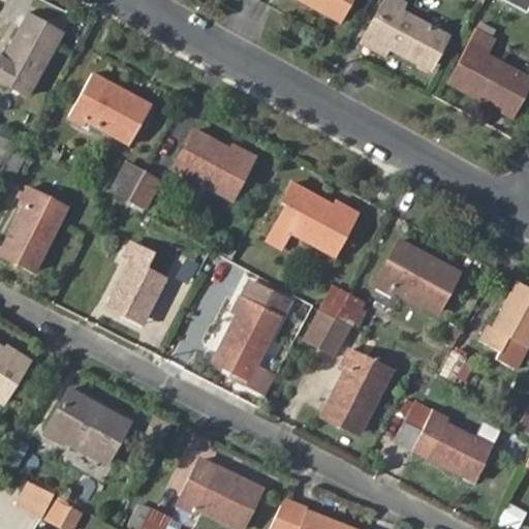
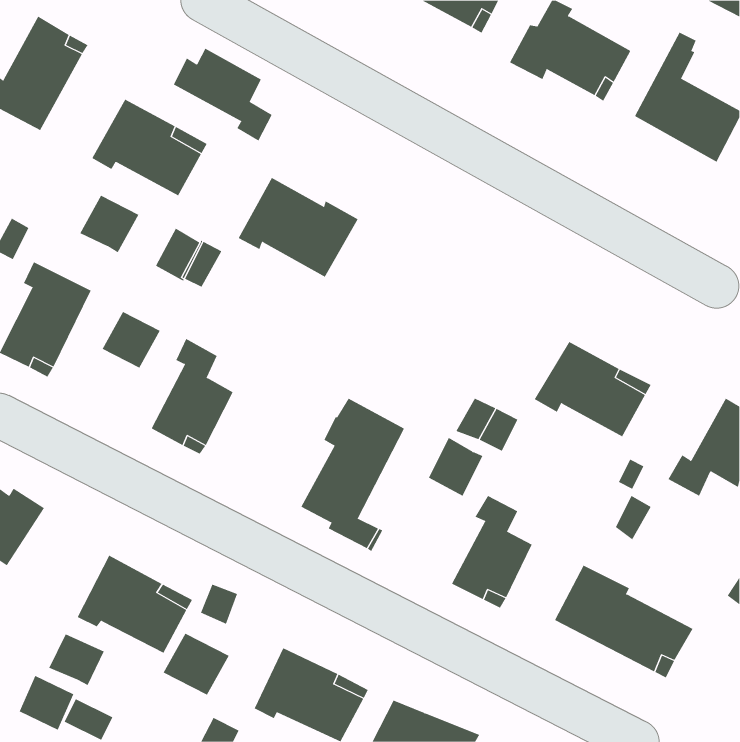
building: none -> [173,48,272,142]
building: none -> [80,195,139,253]
building: [270,182,361,255] -> none
building: none -> [102,311,161,369]
building: none -> [163,633,229,696]
building: none -> [49,633,105,686]

